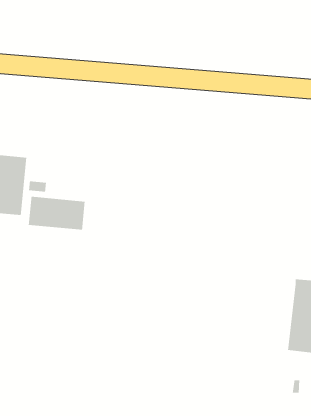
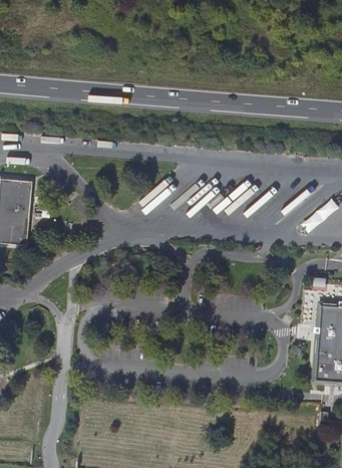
building: [28,196,86,231] -> none

